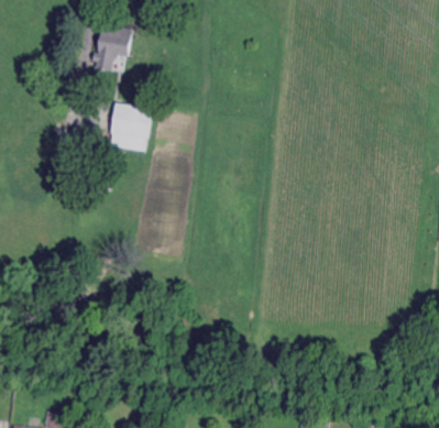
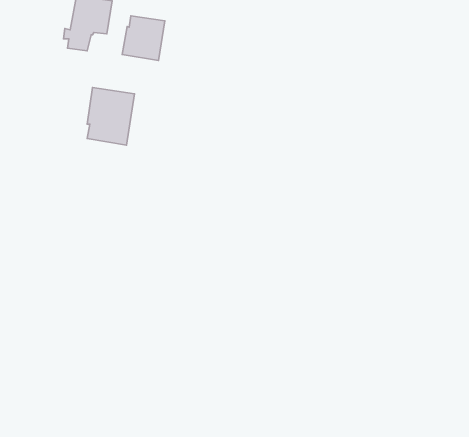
building: none -> [122,16,165,60]

